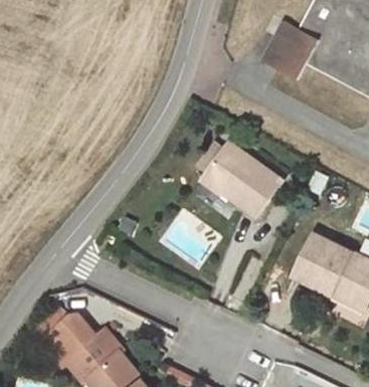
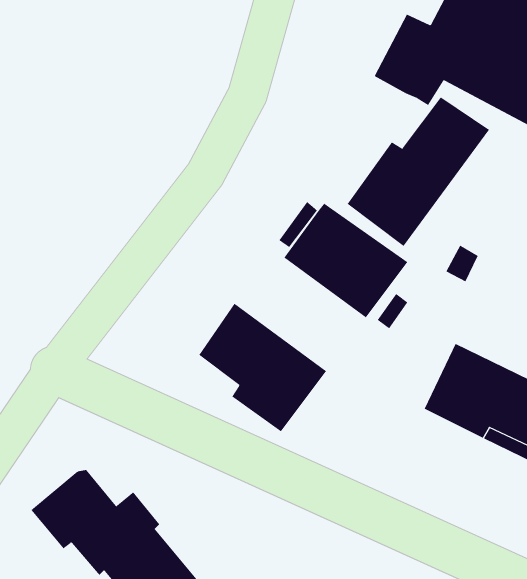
building: none -> [347,97,490,247]
building: none -> [199,303,327,432]

